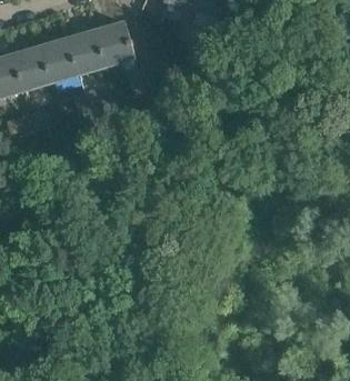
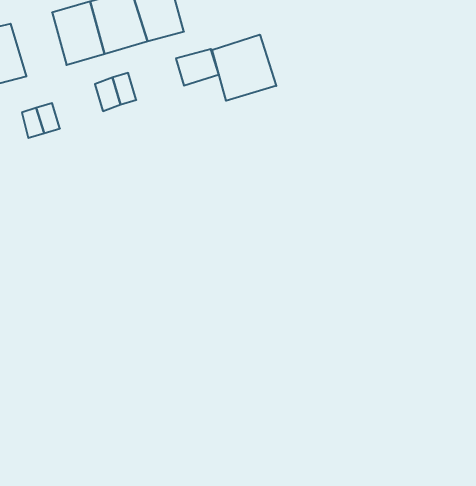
building: [12,46,51,90] -> none
building: none -> [212,35,276,101]

